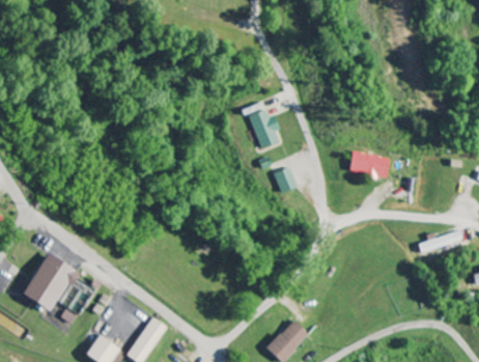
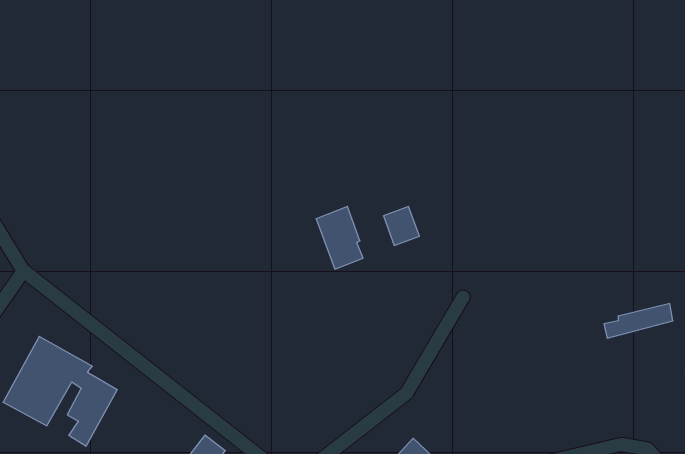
building: [248,107,279,148] -> [316,206,363,269]
building: [348,150,391,178] -> none

